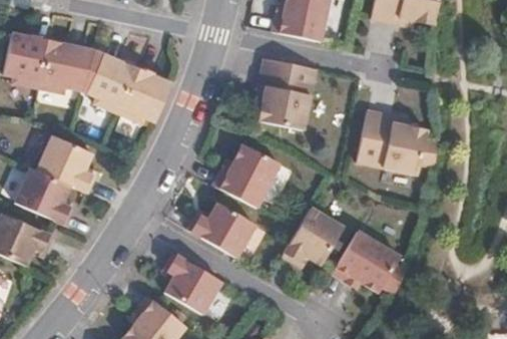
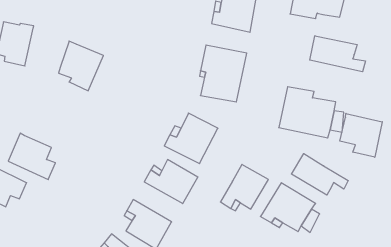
building: [38,37,95,89] -> none
building: none -> [310,36,365,72]
building: [117,69,170,125] -> none
building: [37,135,96,194] -> none
building: none -> [340,113,382,157]
building: none -> [291,154,348,195]

